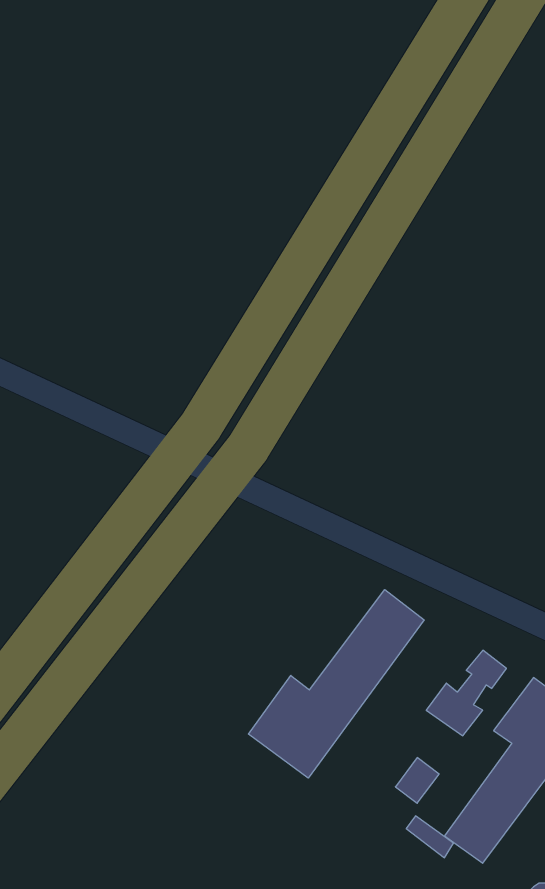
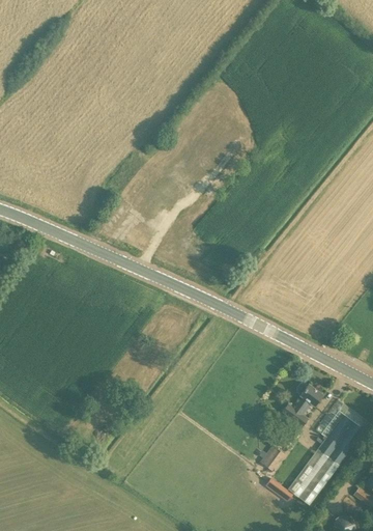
building: [248,590,424,778] -> none

